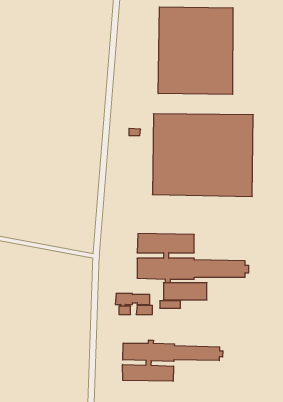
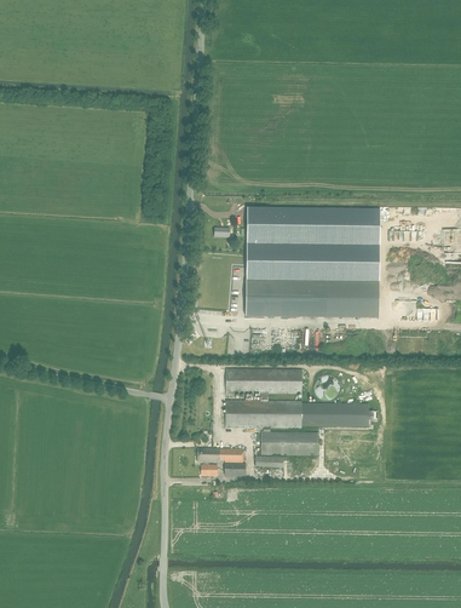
building: [158,7,233,94] -> none
building: [123,340,223,381] -> none

